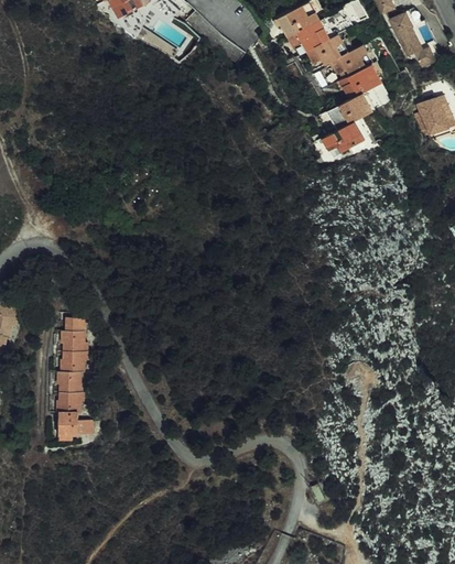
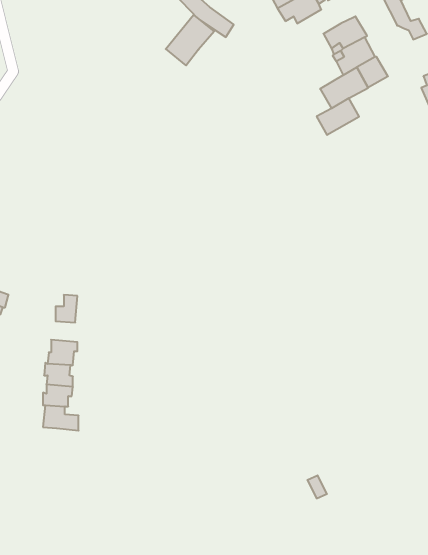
building: [302,33,344,65] -> none
building: none -> [166,15,214,65]
building: [64,335,93,356] -> none

